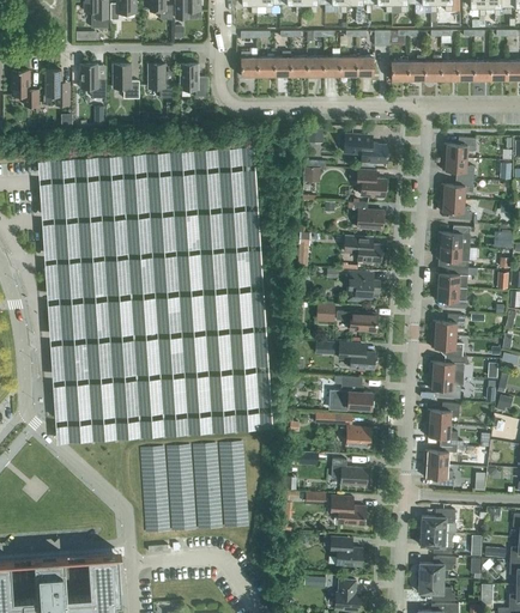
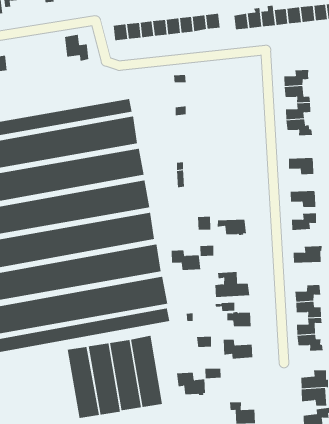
building: [114,65,140,99] -> none
building: [149,65,174,98] -> none
building: [345,134,388,163] -> none
building: [350,169,386,196] -> none
building: [353,202,385,229] -> none
building: [439,226,471,248] -> none
building: [344,235,382,265] -> none
building: [436,267,468,289] -> none
building: [346,272,380,302] -> none
building: [431,334,464,357] -> none
building: [339,342,375,370] -> [171,250,201,271]
building: [429,375,465,399] -> none
building: [332,496,367,527] -> [176,372,206,395]

